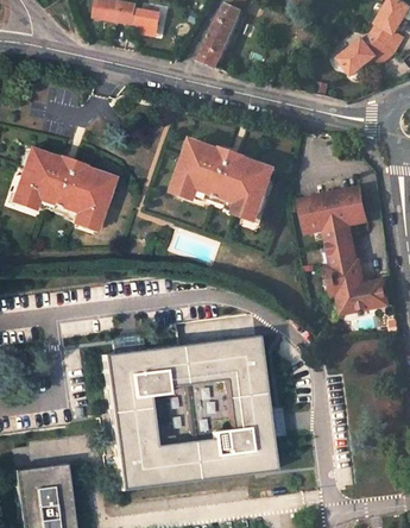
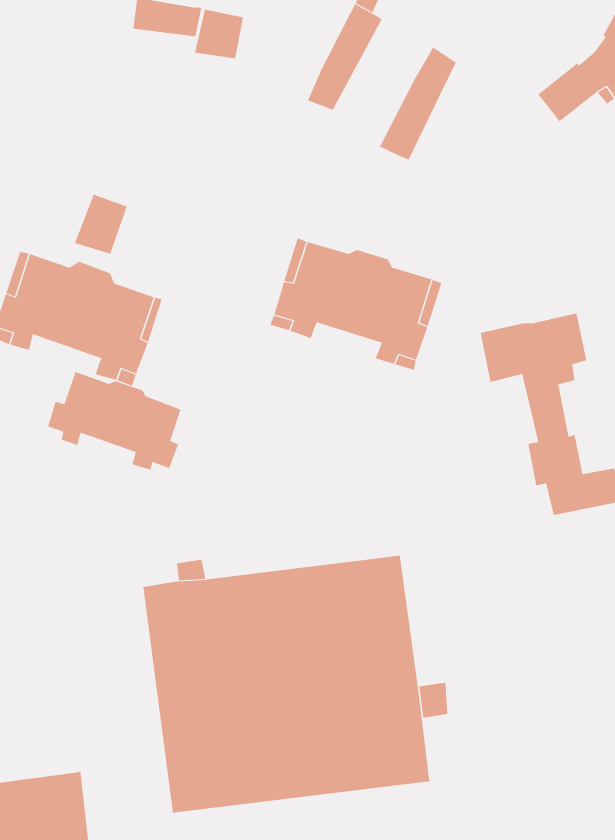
building: none -> [379,47,457,160]
building: none -> [74,194,127,255]
building: none -> [47,371,181,471]

